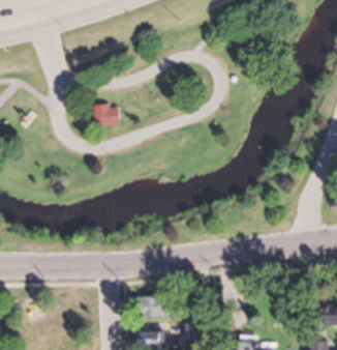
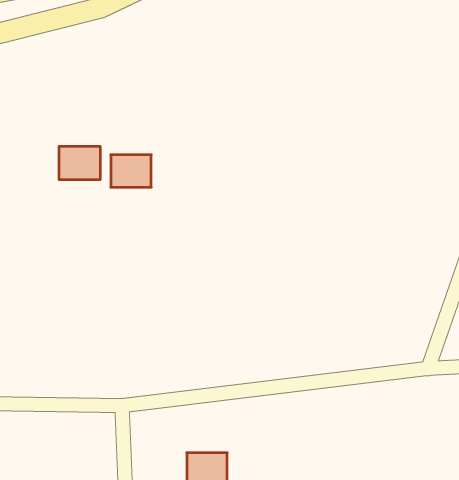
building: none -> [59,146,100,180]

